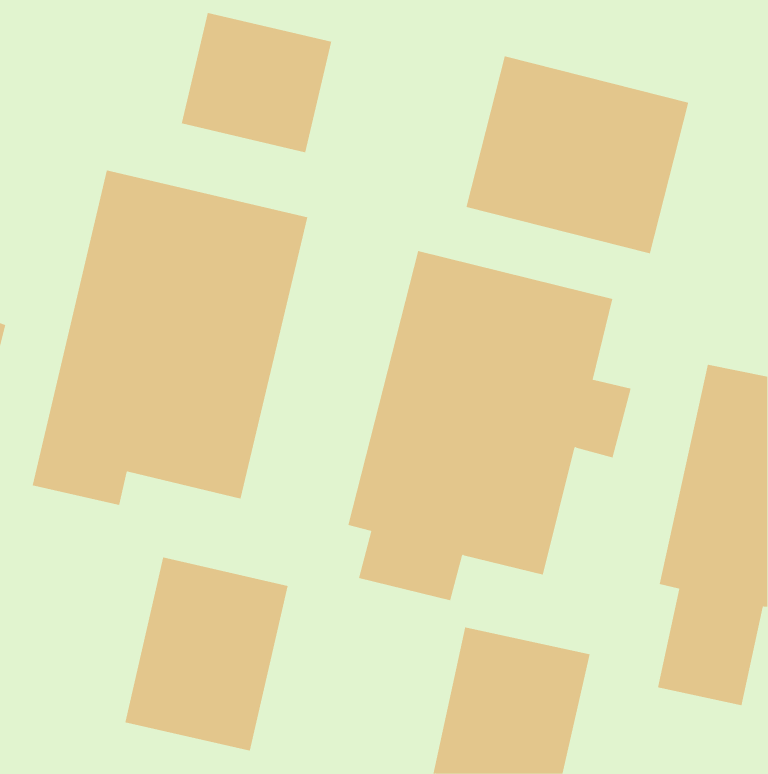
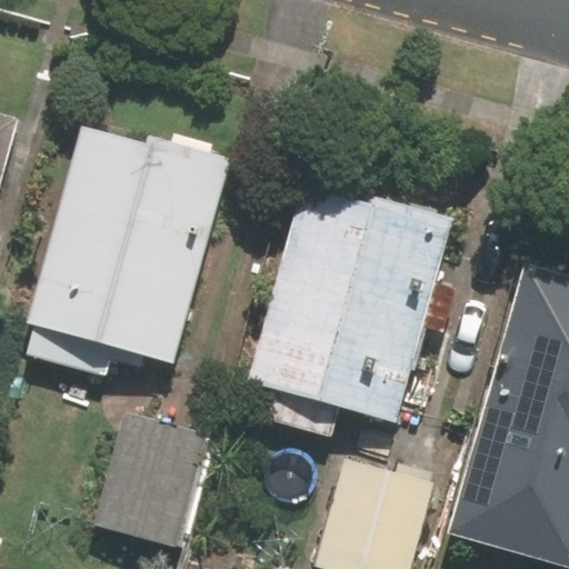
building: [181,12,332,153] -> none
building: [466,55,689,254] -> none

